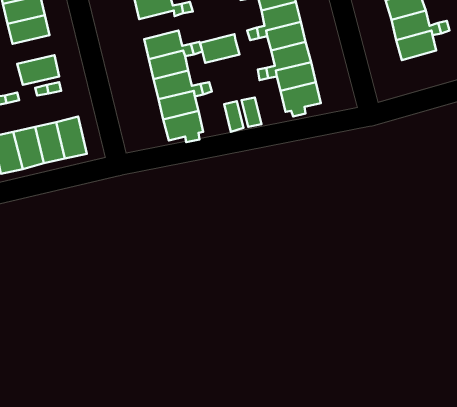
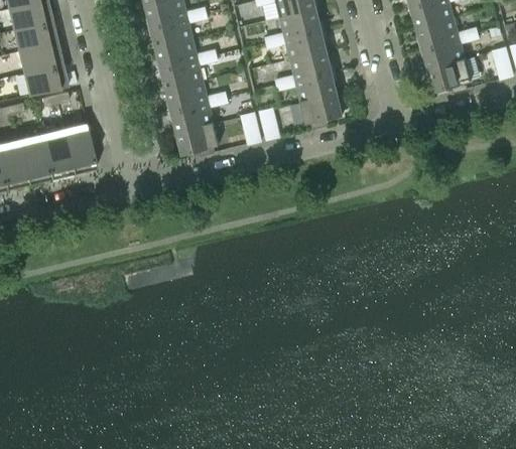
building: [200,34,239,63] -> [150,15,191,45]
building: none -> [16,41,60,71]
building: none -> [427,57,470,91]

